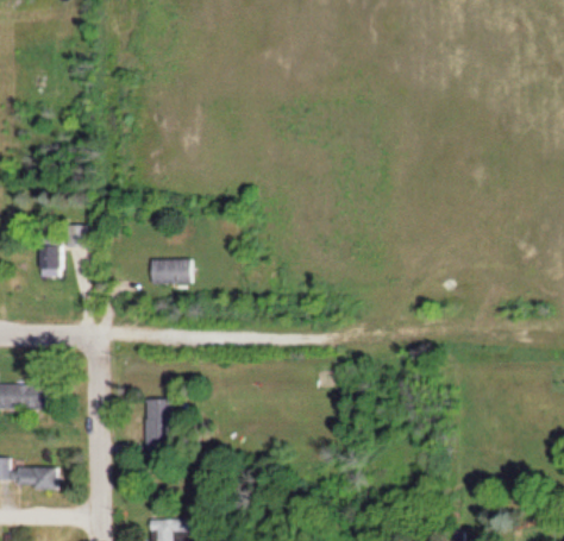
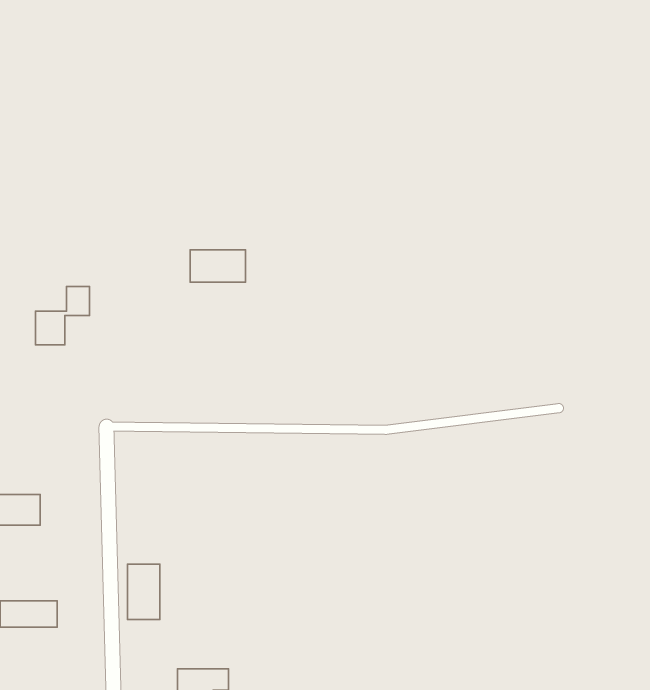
building: [150,259,193,284] -> [190,250,246,282]
building: [146,400,171,442] -> [127,564,160,620]

